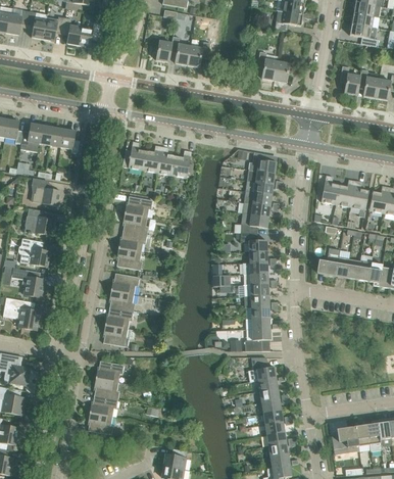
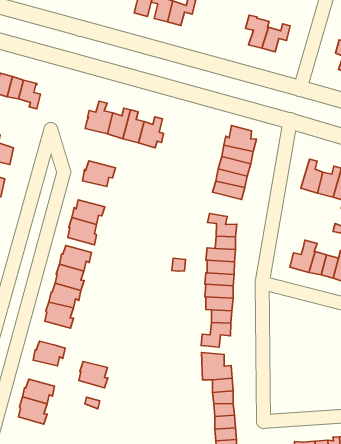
building: [241,212,268,233] -> none
building: [122,213,148,235] -> none
building: [94,378,119,399] -> [79,362,108,388]

